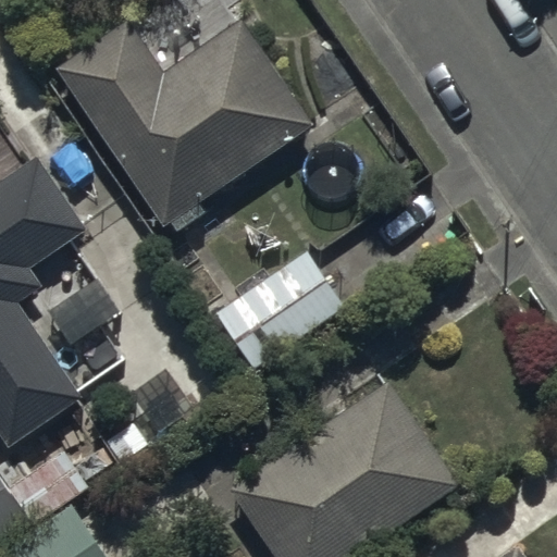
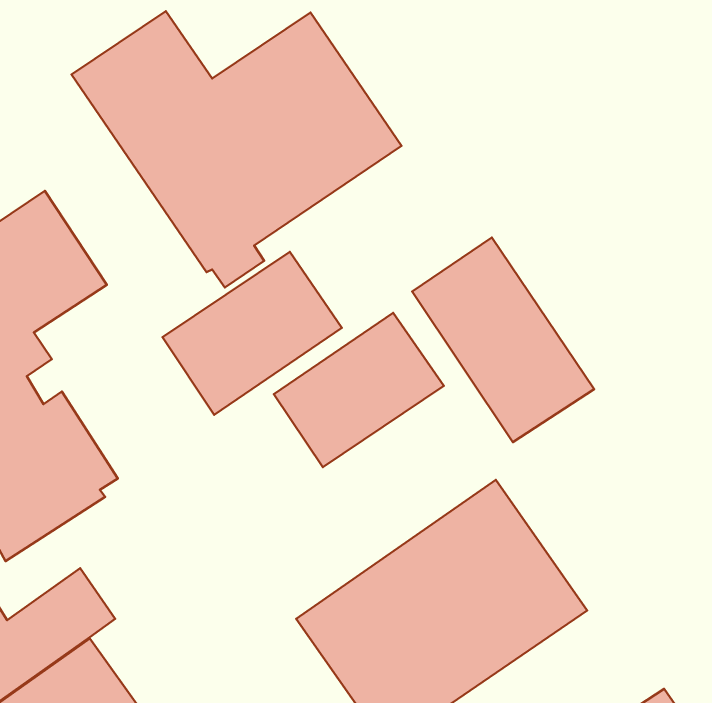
building: none -> [412,238,594,442]
building: none -> [163,252,342,415]

